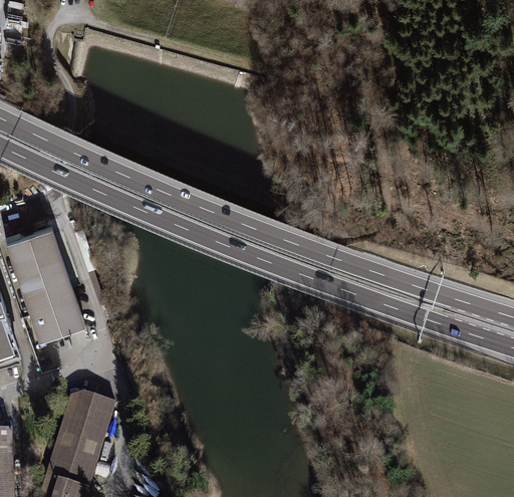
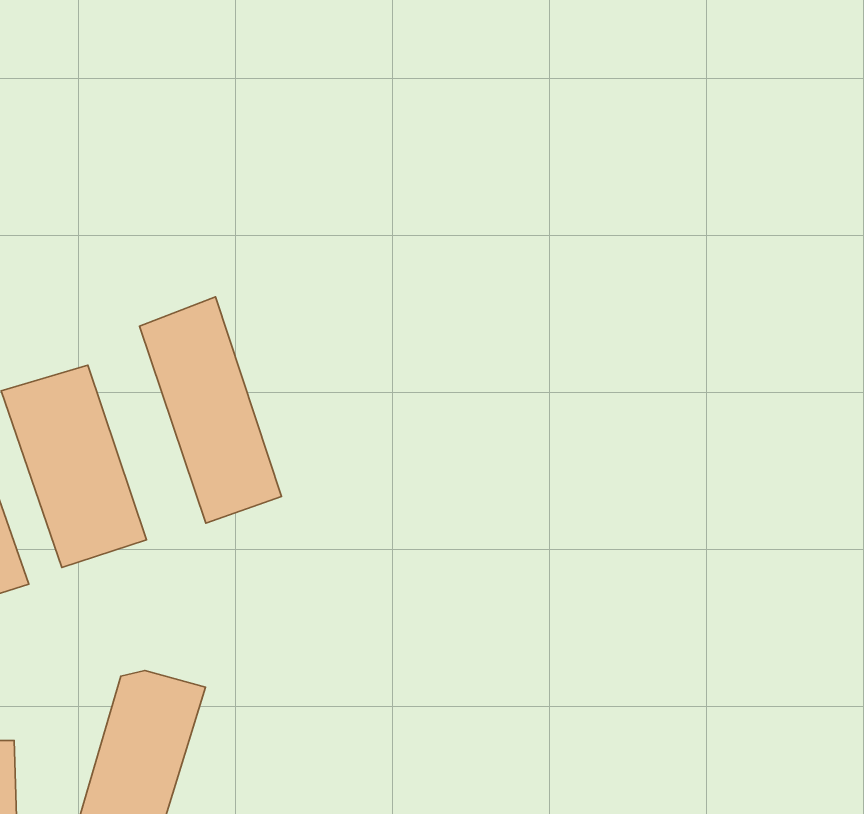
building: none -> [139,297,282,523]

